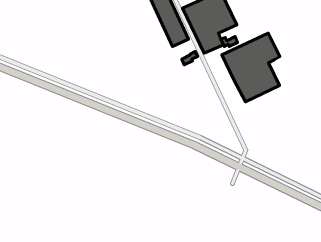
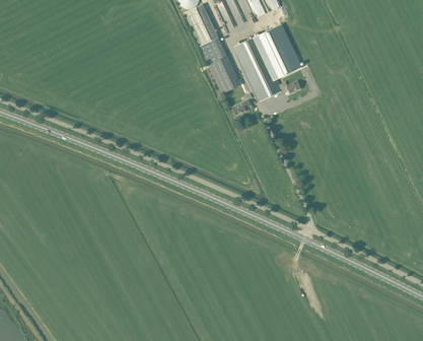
building: [222,33,280,102] -> none

